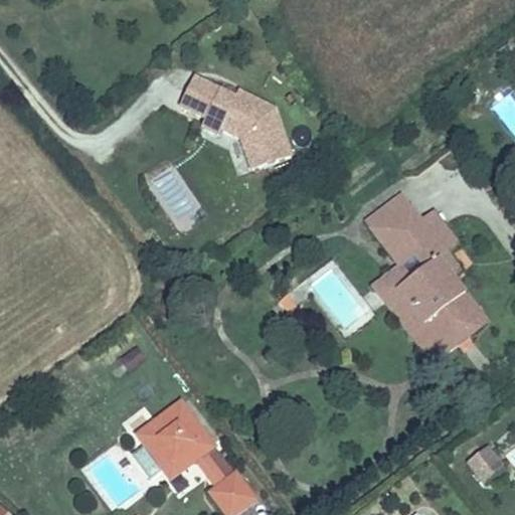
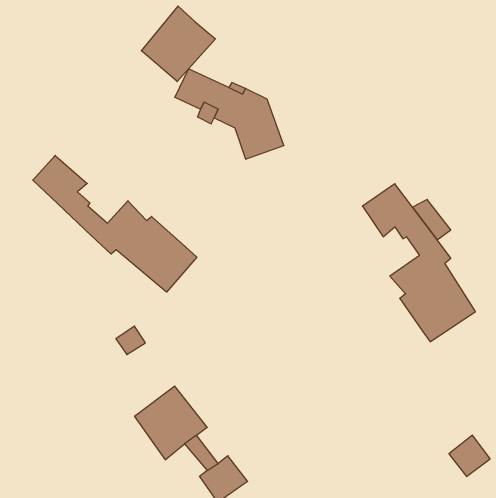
building: none -> [141,6,215,82]
building: none -> [33,155,197,292]
building: [376,236,433,350] -> none

